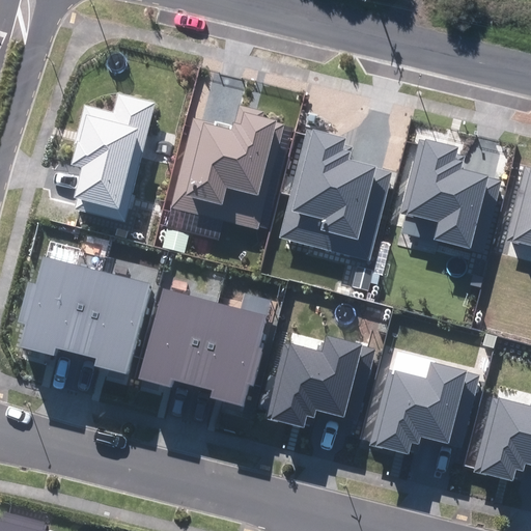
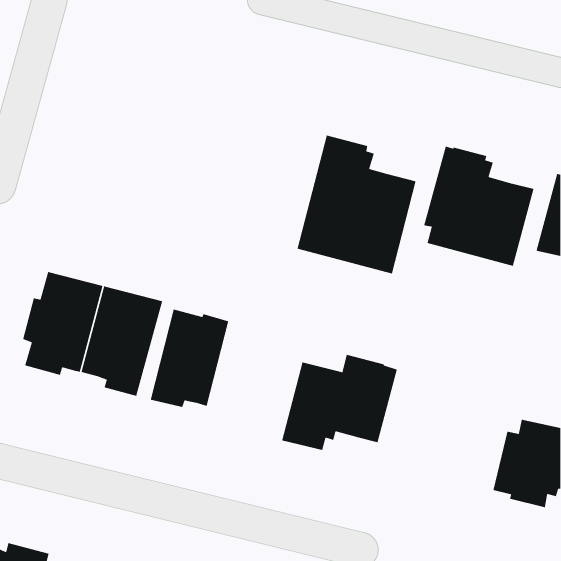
building: [73,95,153,220] -> none
building: [173,104,284,228] -> none
building: [195,304,268,406] -> none
building: [359,361,477,453] -> none

